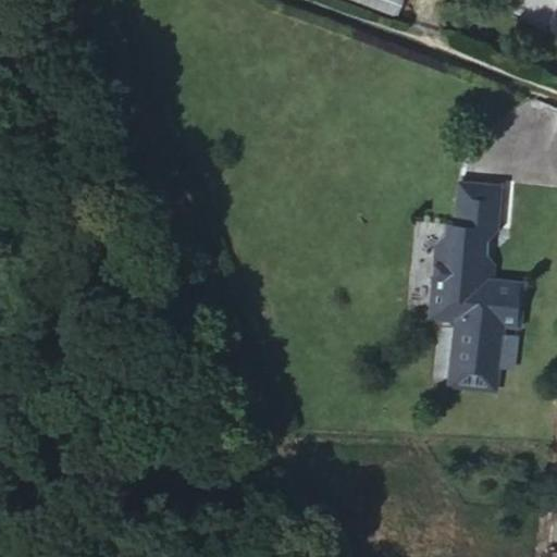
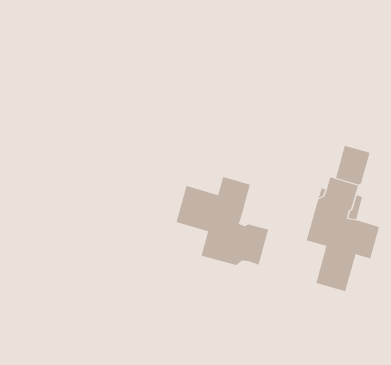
building: none -> [176,176,269,266]

